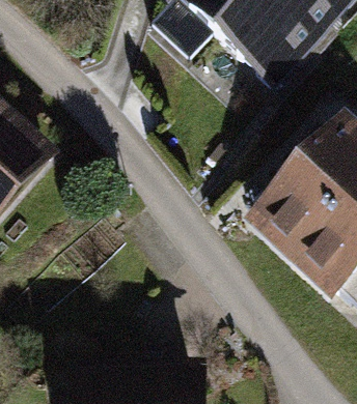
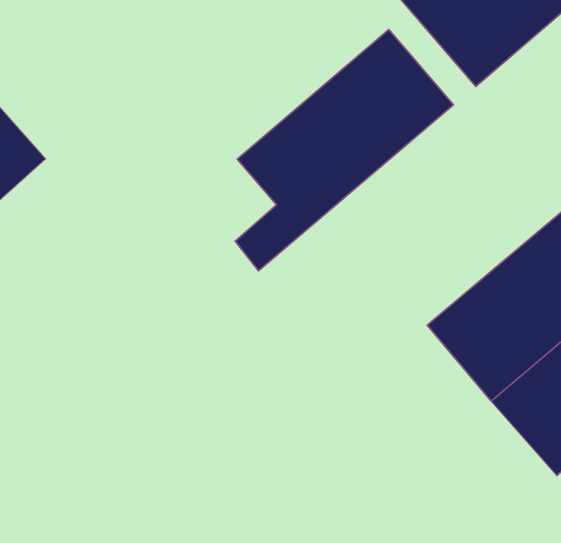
building: none -> [235,30,454,271]

